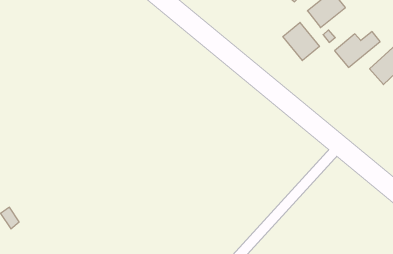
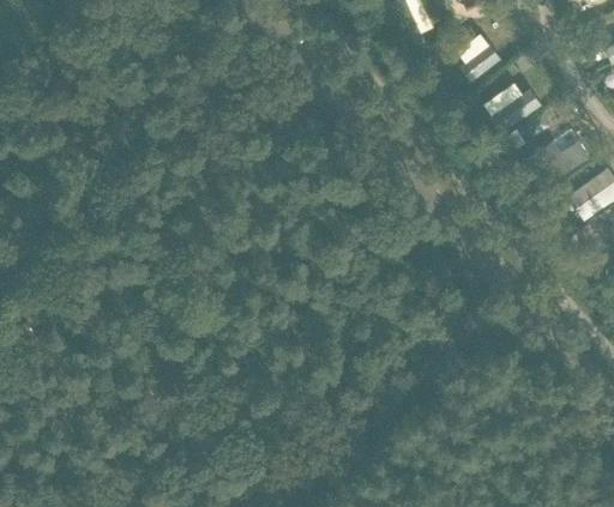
building: [283,22,319,61] -> none

